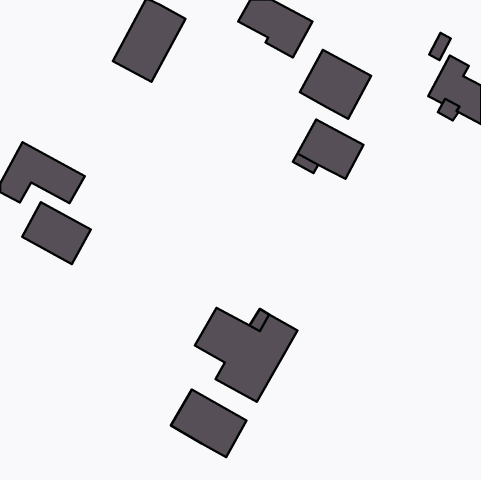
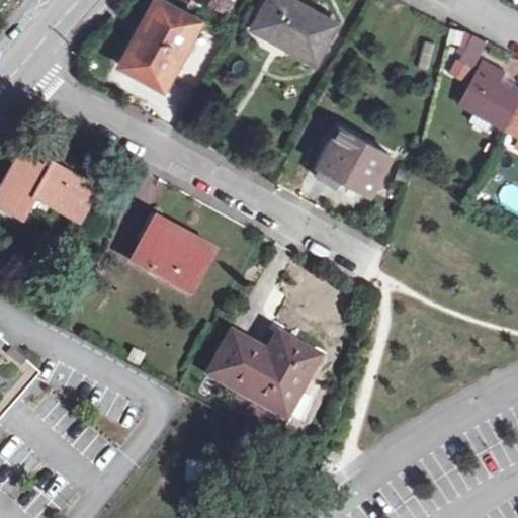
building: [300,50,371,119] -> none
building: [22,202,91,264] -> [135,223,208,289]
building: [171,390,246,457] -> none

